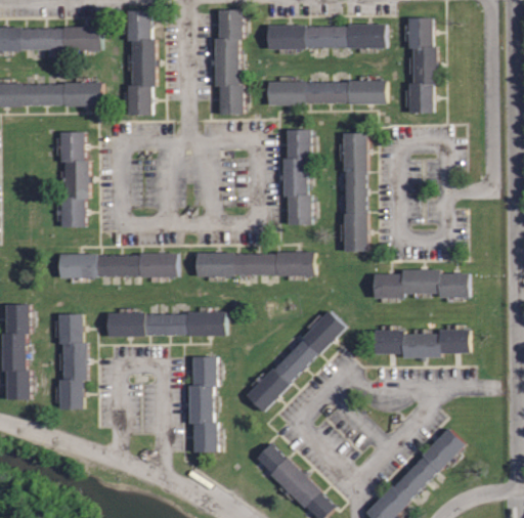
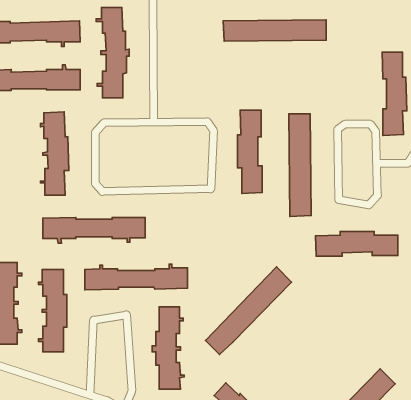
building: [215,11,244,115] -> none
building: [407,17,436,114] -> [382,52,407,135]
building: [267,80,386,104] -> none
building: [195,252,314,282] -> none
building: [374,330,469,358] -> none

